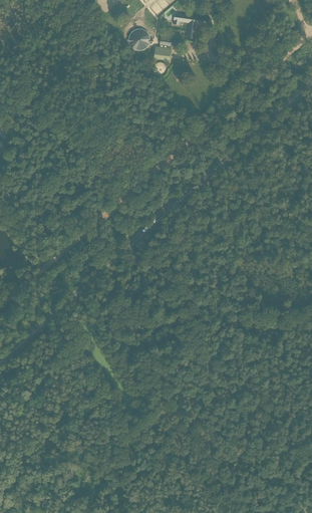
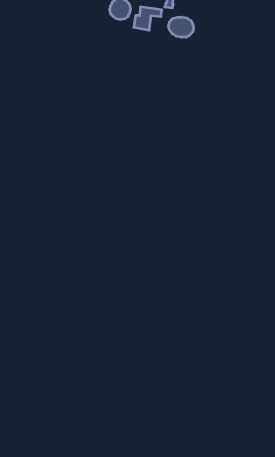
building: none -> [169,17,194,37]

